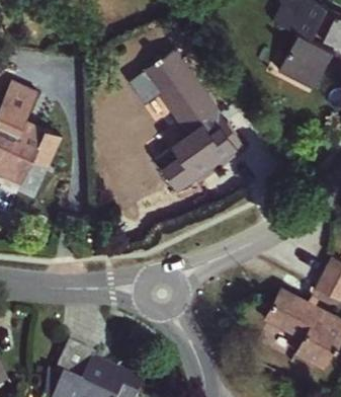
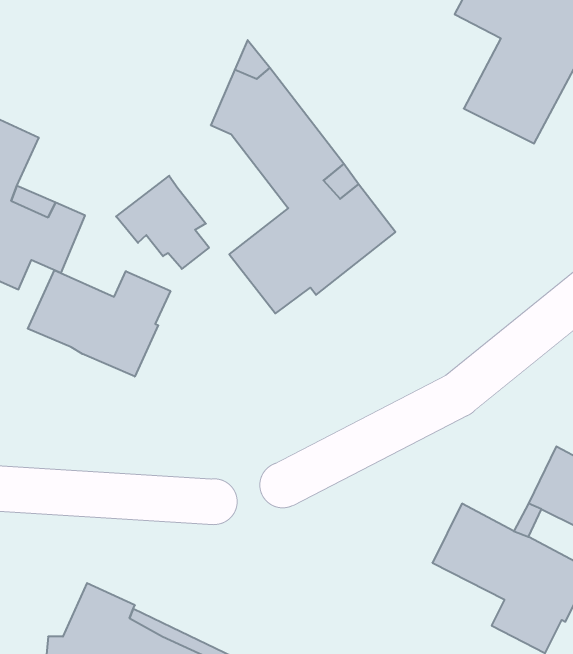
building: none -> [116,176,209,269]
building: none -> [28,270,170,377]

